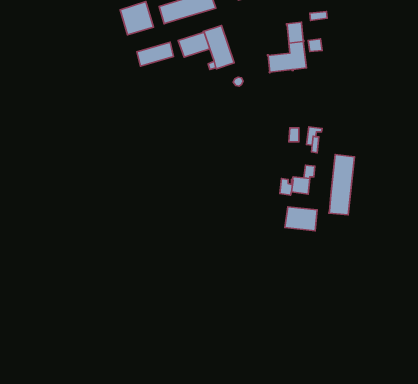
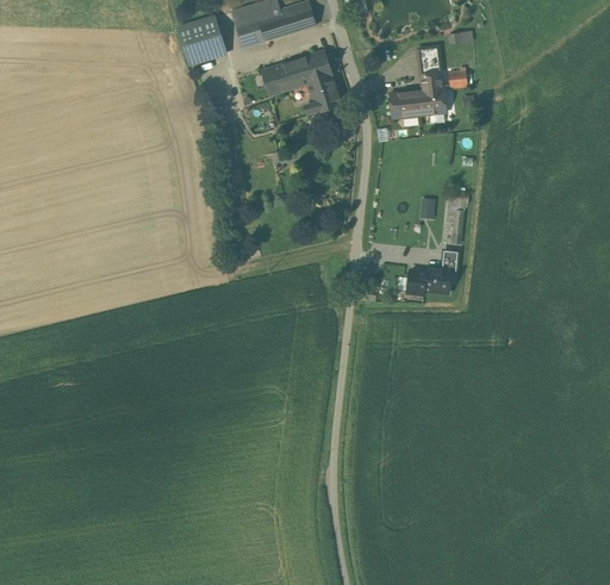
building: [137,42,174,66] -> none
building: [329,154,355,215] -> none
building: [285,207,317,231] -> none

